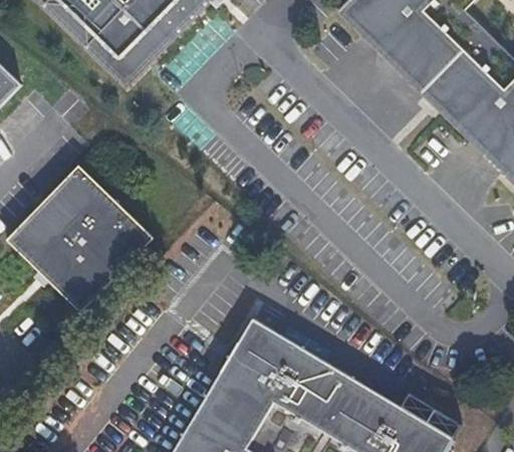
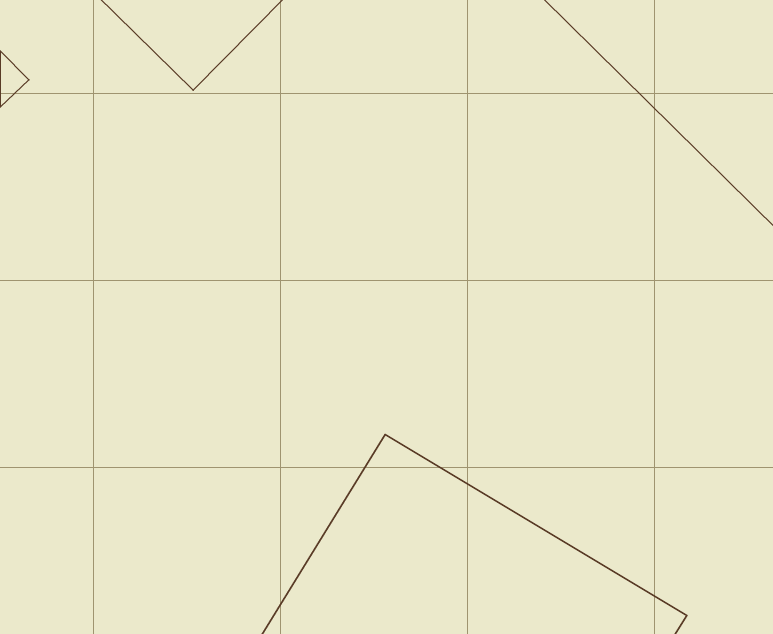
building: [6,163,153,309] -> none

